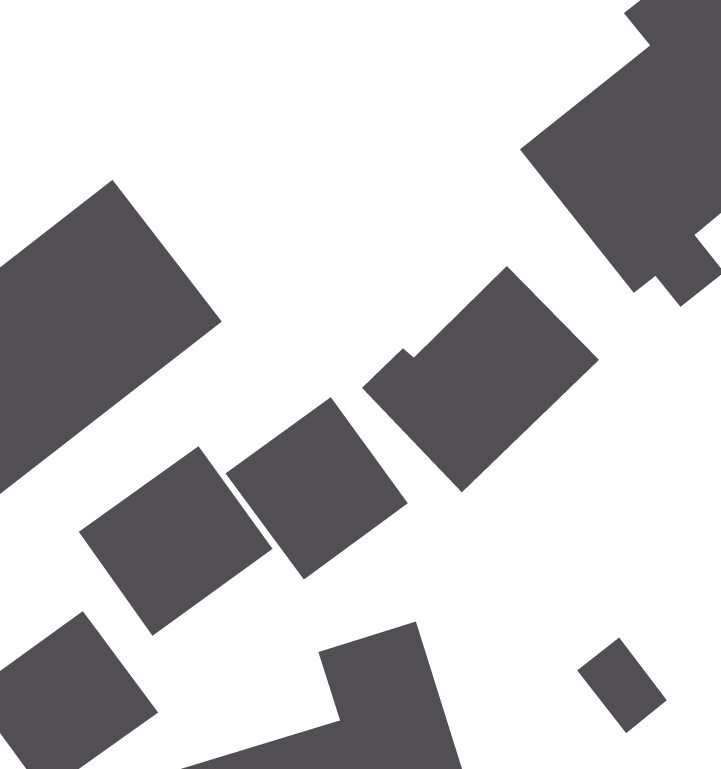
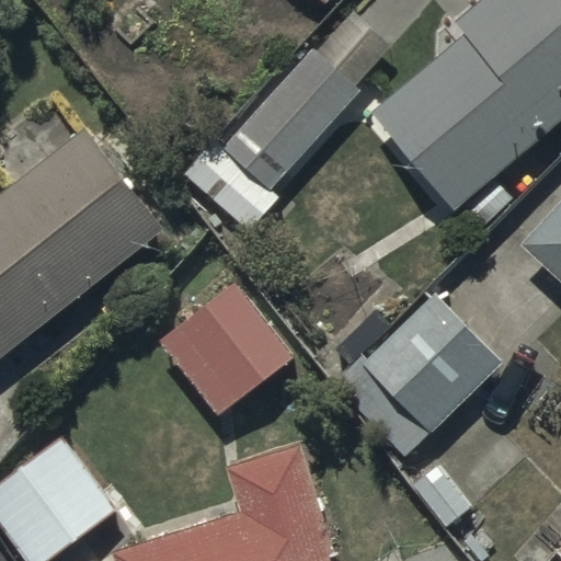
building: none -> [180,12,389,225]
building: [361,265,600,493] -> [331,294,500,455]
building: [78,445,274,637] -> none

